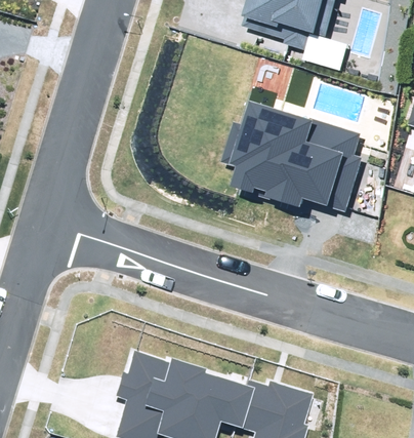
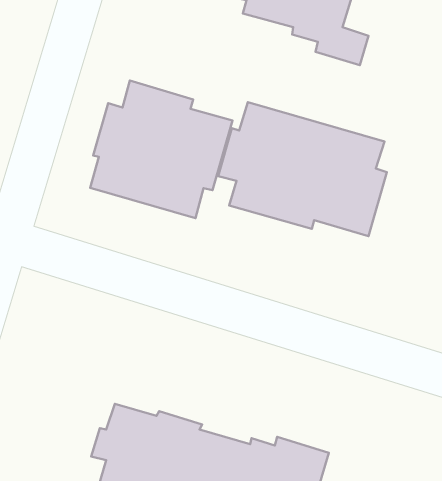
building: none -> [90,81,233,218]

